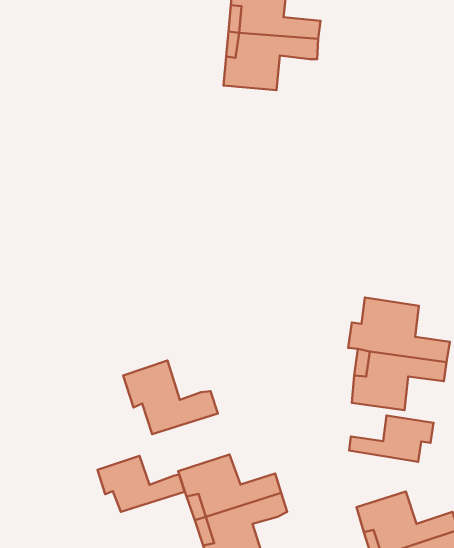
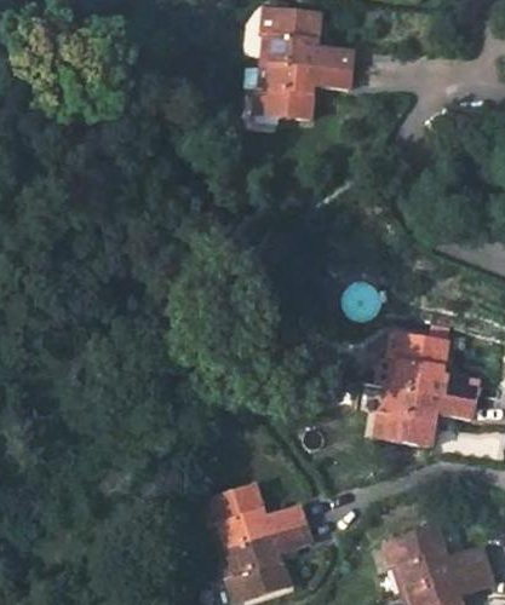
building: [123,361,218,434] -> none
building: [349,415,434,462] -> none
building: [97,456,184,512] -> none

